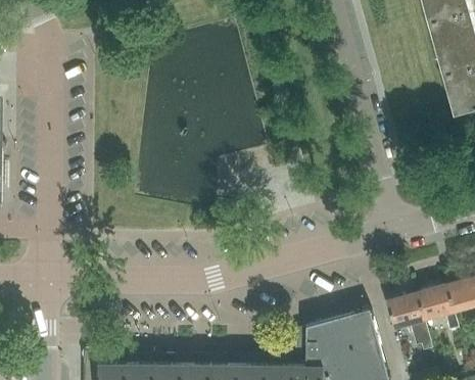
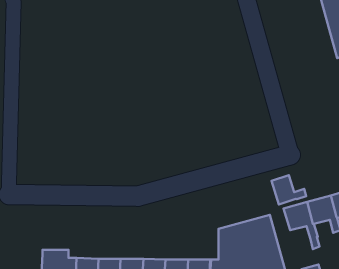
building: none -> [272,175,306,204]

